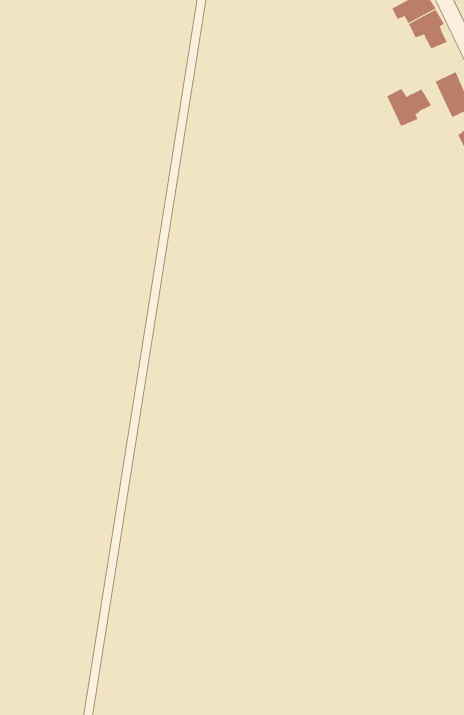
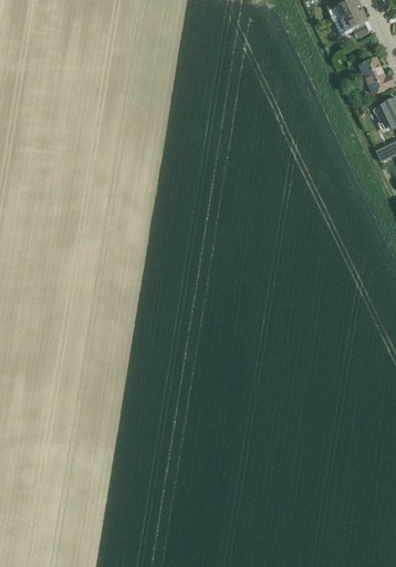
building: [387,88,432,127] -> none

